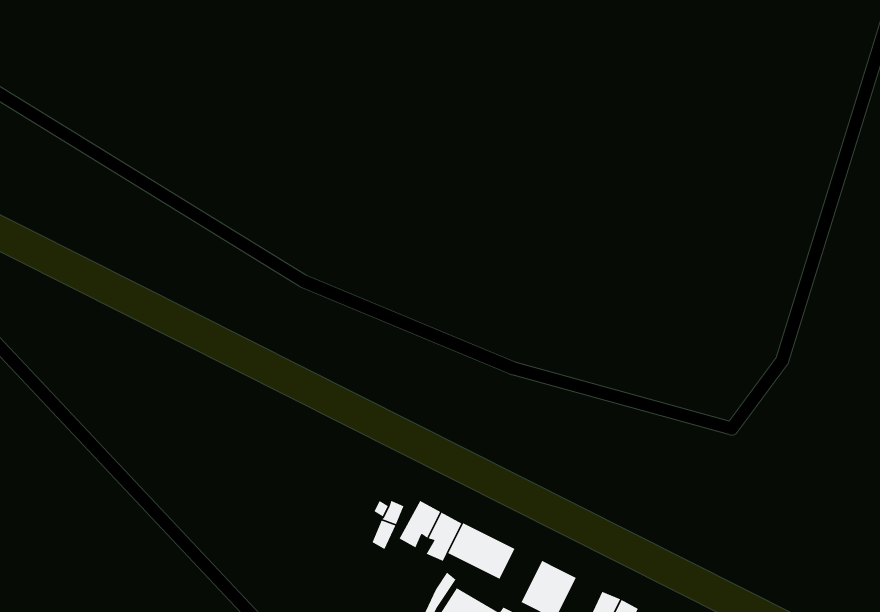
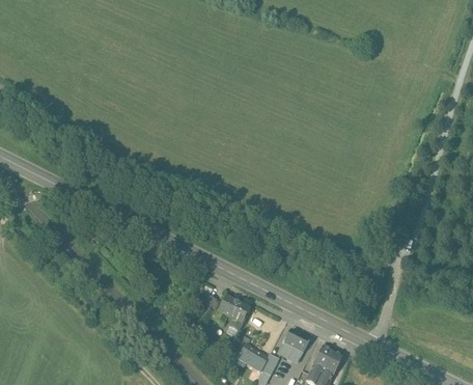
building: [447,522,516,580] -> none

